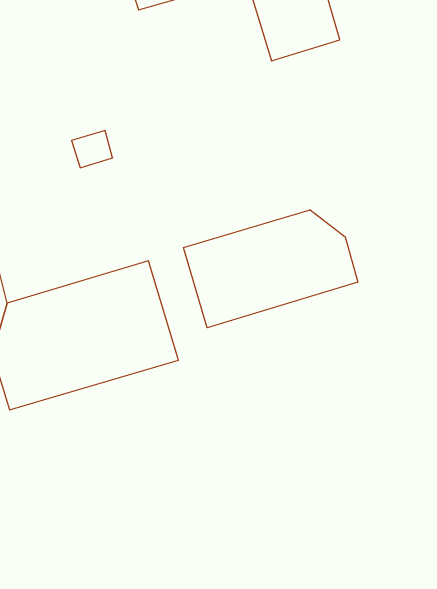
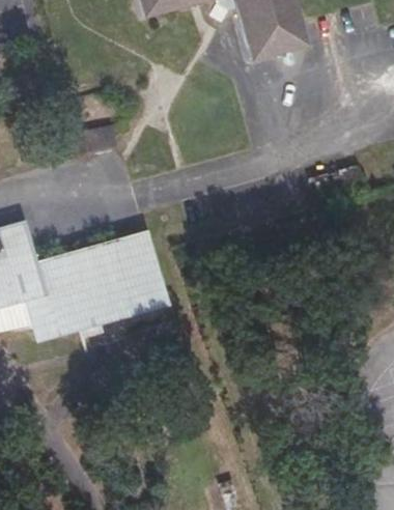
building: [184,210,358,328] -> none

